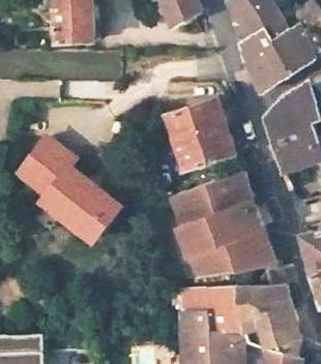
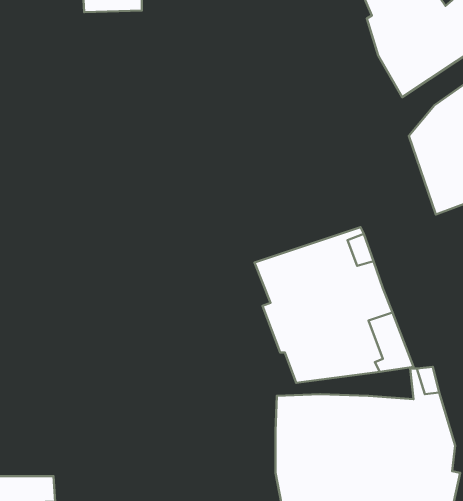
building: [168,100,236,169] -> none
building: [14,136,116,239] -> none

